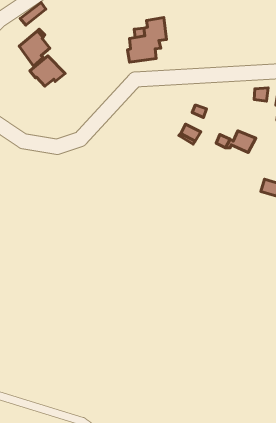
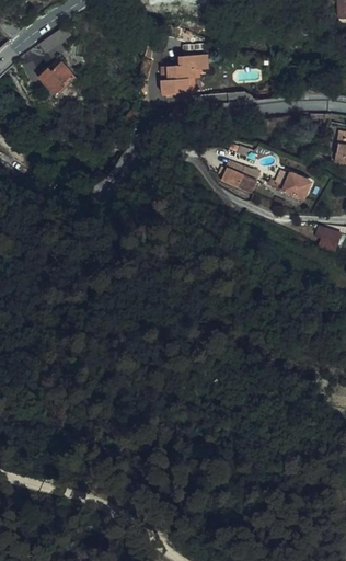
building: [30,56,65,86] -> none

